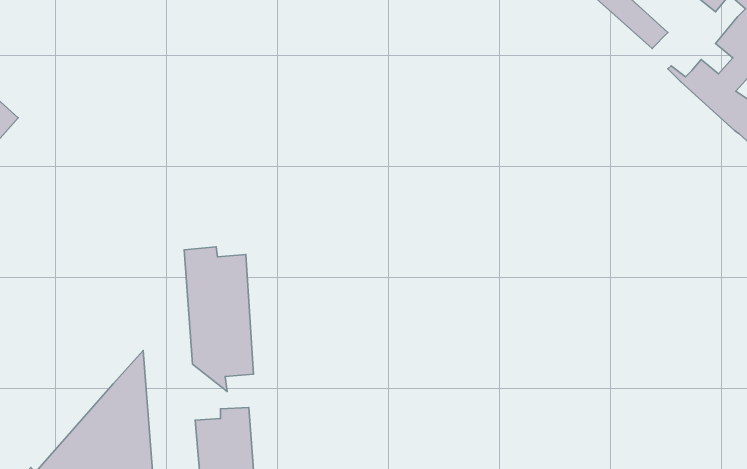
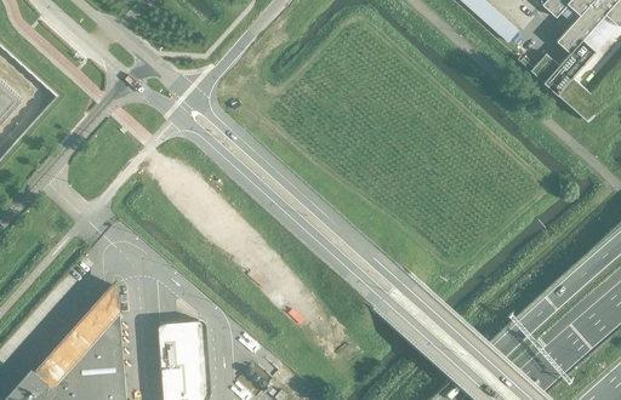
building: [184,247,253,392] -> none

